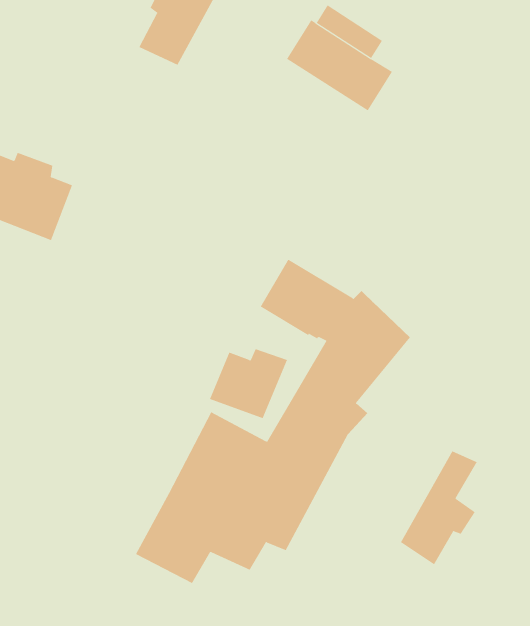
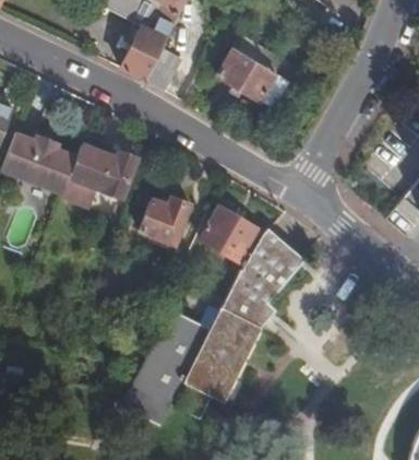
building: none -> [86,149,137,198]
building: [209,348,288,419] -> [140,197,192,244]
building: [400,451,478,565] -> none

